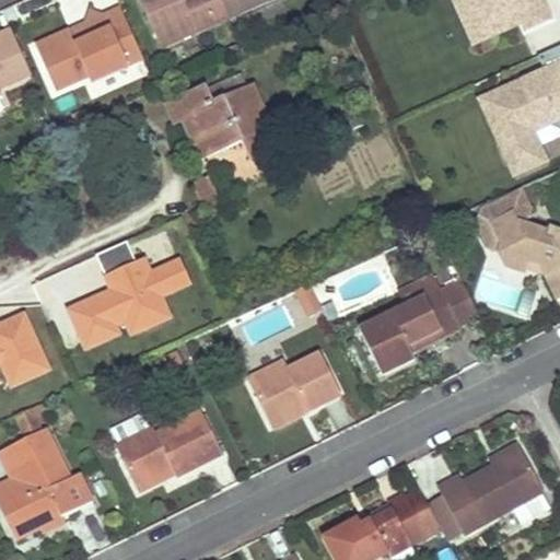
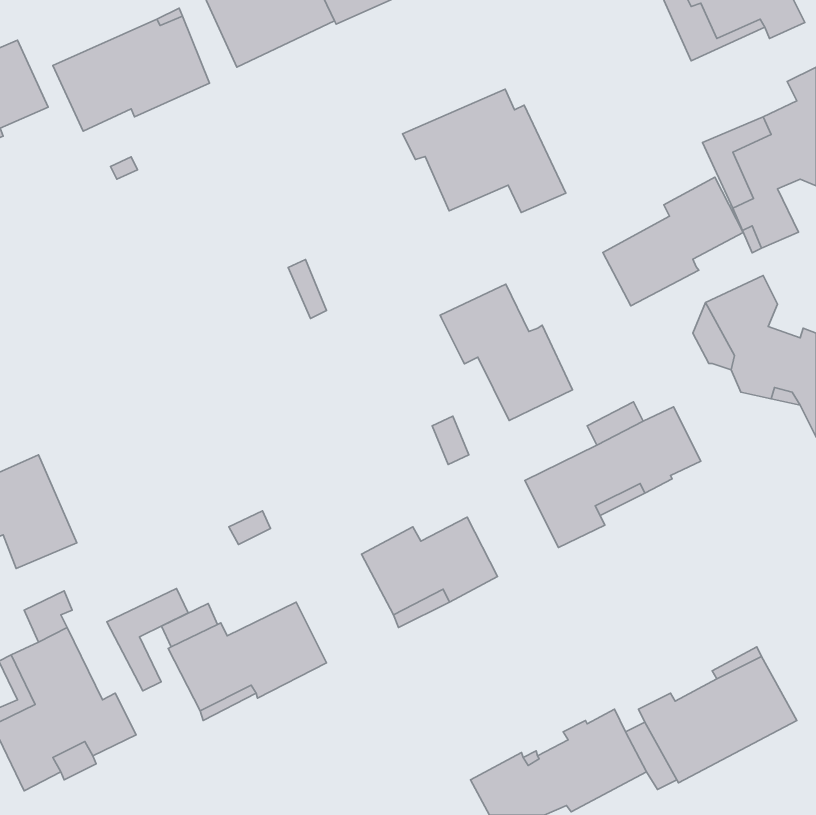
building: [170,74,281,159] -> [403,89,566,212]
building: none -> [603,177,743,306]
building: none -> [440,284,573,421]
building: [68,244,191,350] -> none
building: none -> [107,588,188,691]

